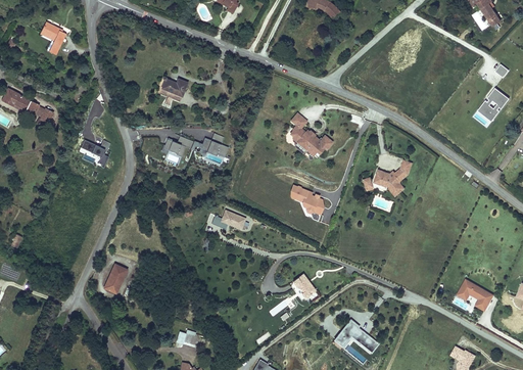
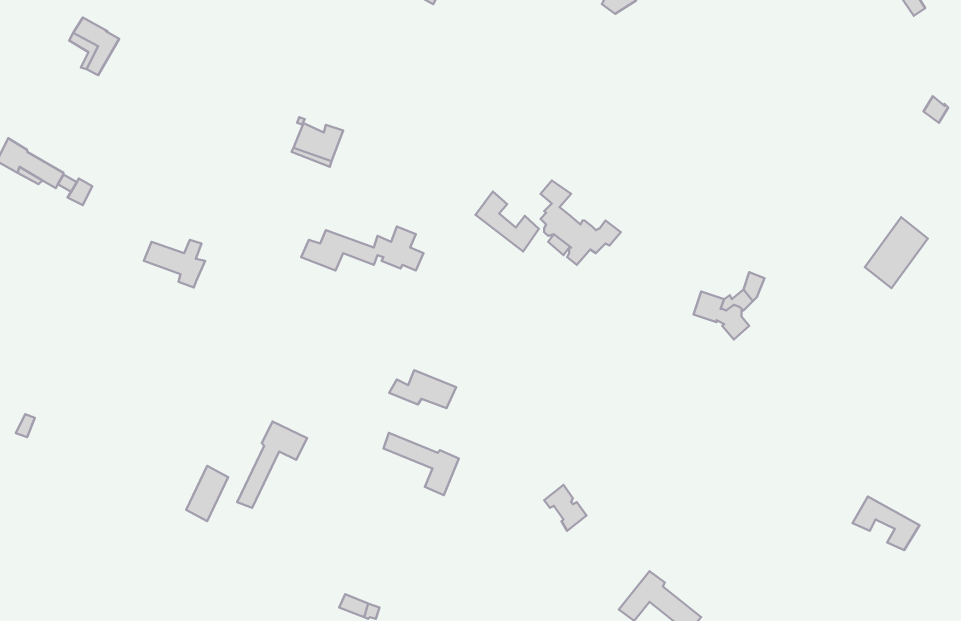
building: [475,88,509,126] -> [865,217,928,288]
building: none -> [475,191,539,252]
building: [291,186,324,216] -> none
building: none -> [237,421,307,508]
building: none -> [383,433,459,495]

